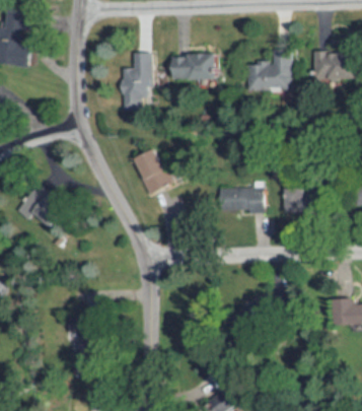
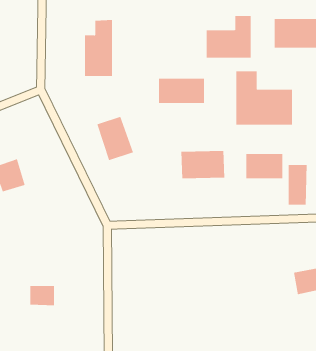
building: [172,55,219,80] -> [158,78,205,104]
building: none -> [236,71,293,125]
building: none -> [288,164,307,206]

